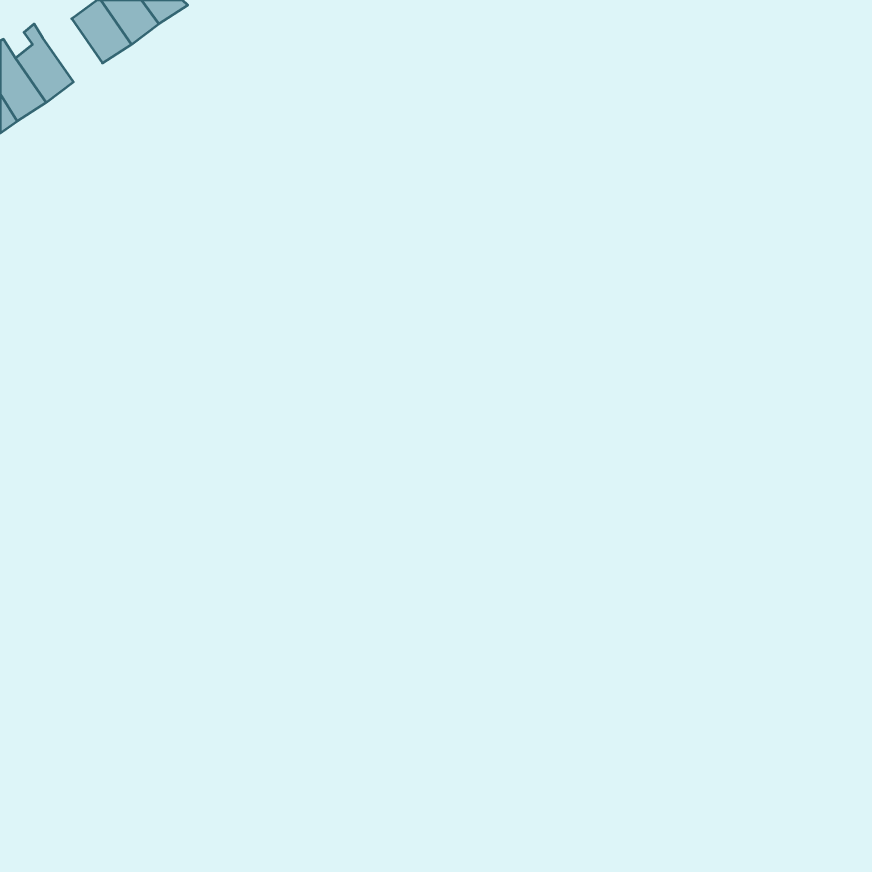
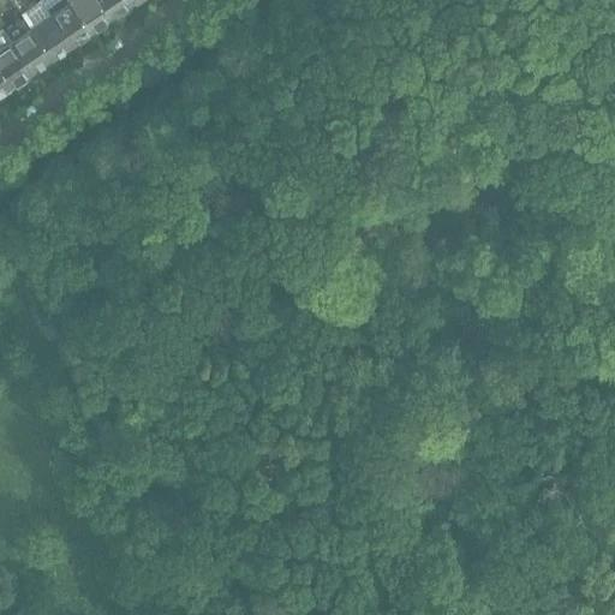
building: none -> [30,13,72,58]

